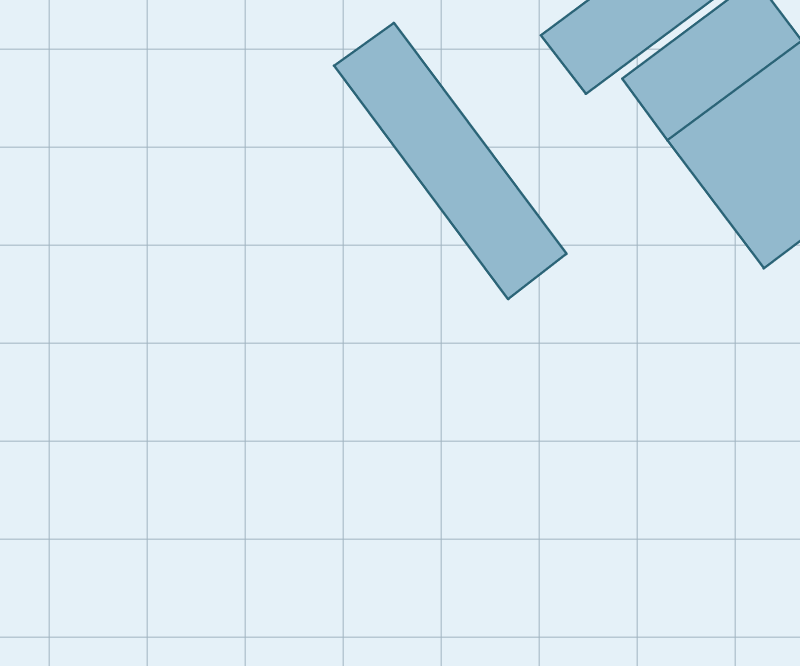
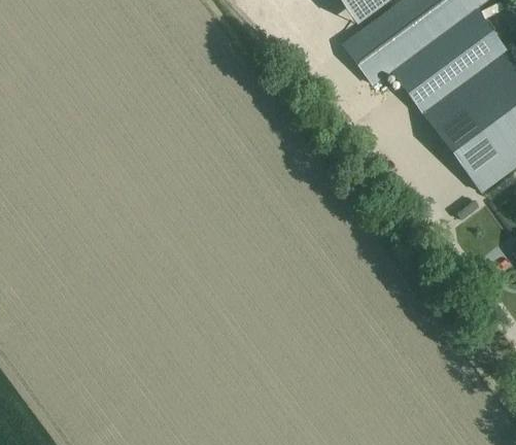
building: [334,23,566,299] -> none

